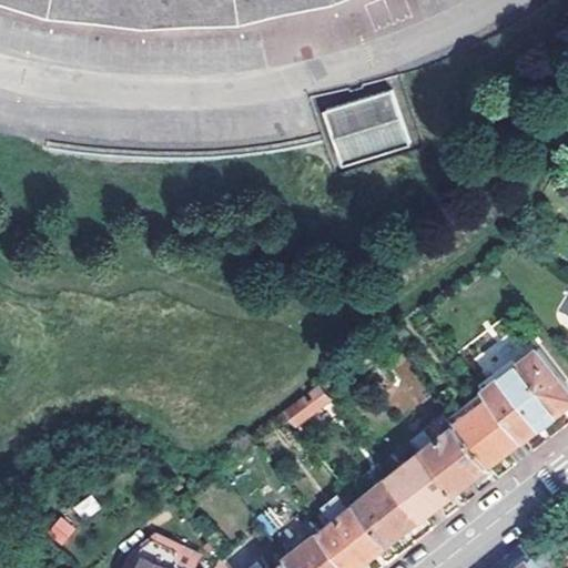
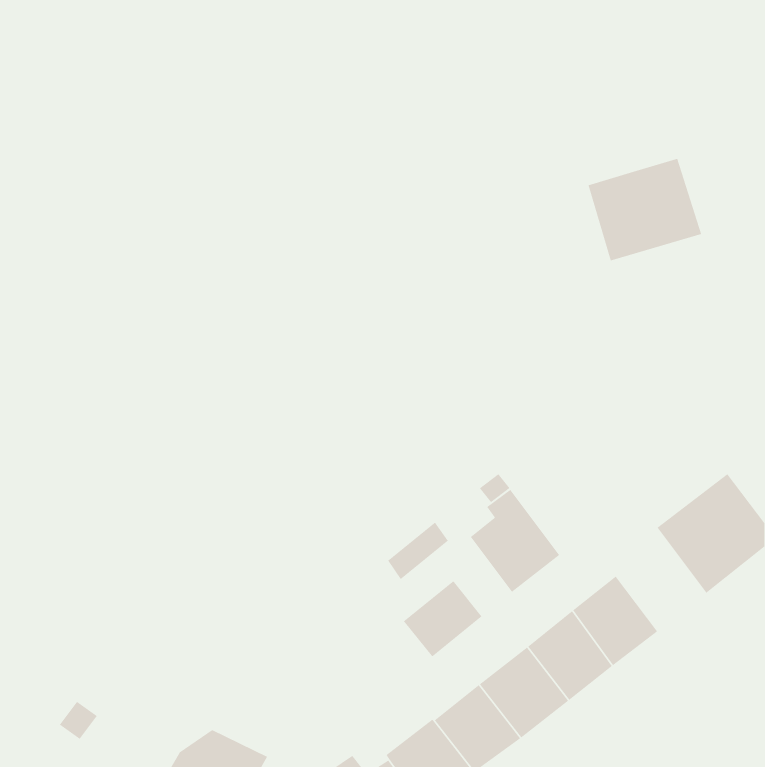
building: [322,89,406,165] -> [588,158,702,262]
building: [454,390,520,467] -> [470,489,560,593]
building: none -> [403,580,483,658]

